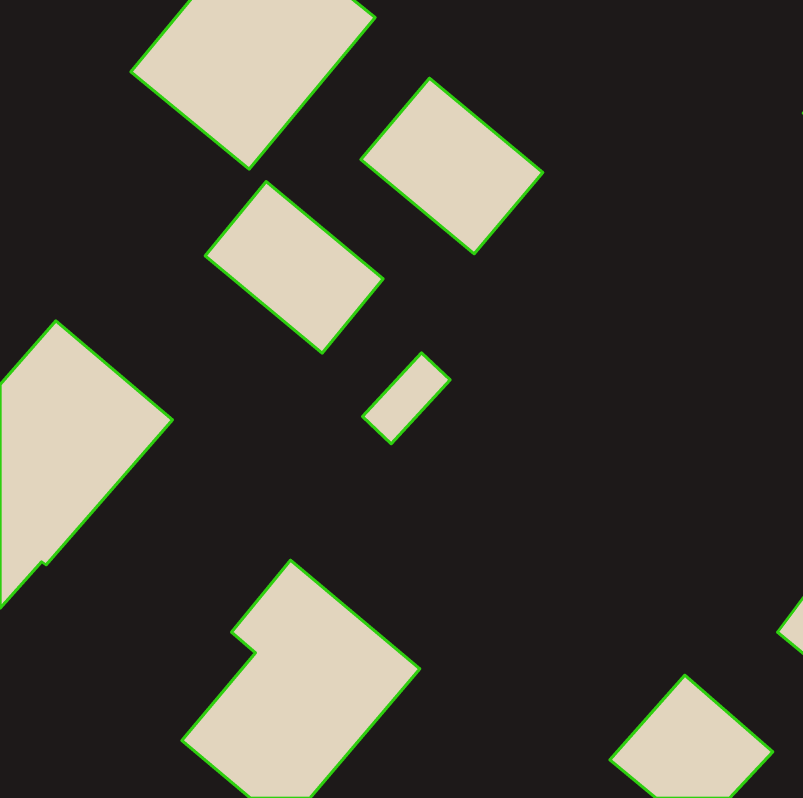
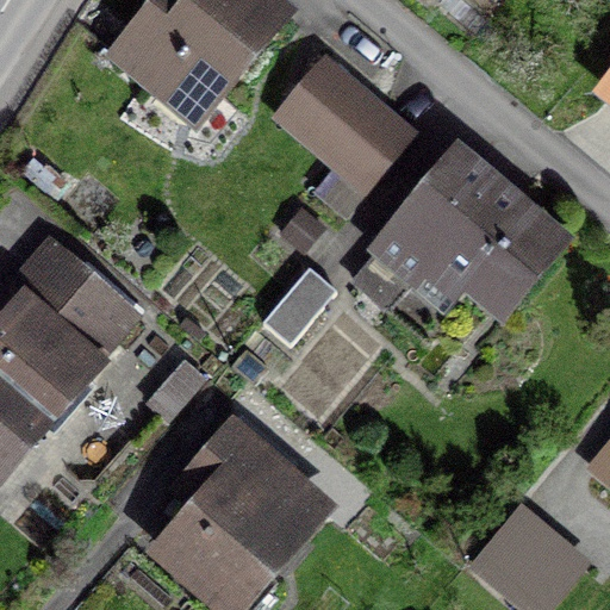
building: [205,182,383,353] -> none
building: none -> [369,149,558,320]

